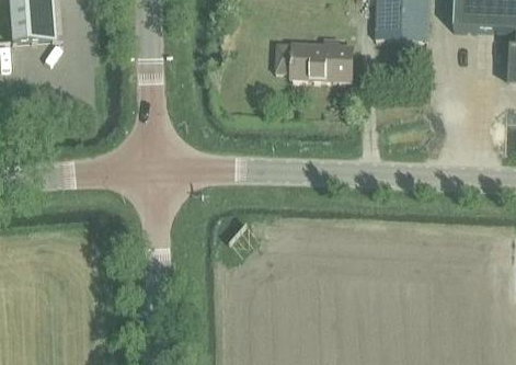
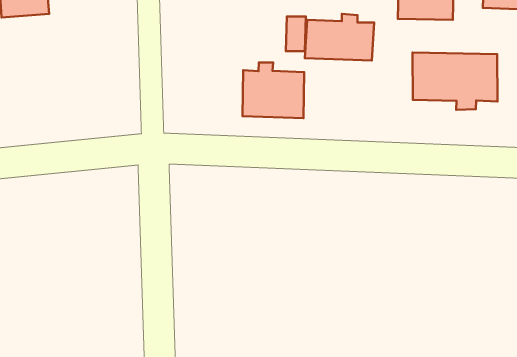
building: none -> [412,53,497,110]
building: none -> [242,62,304,118]

